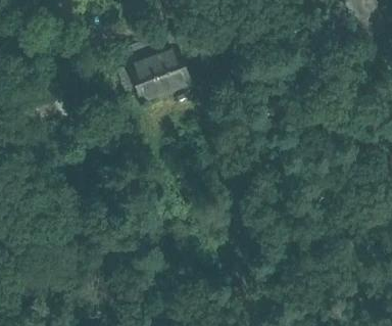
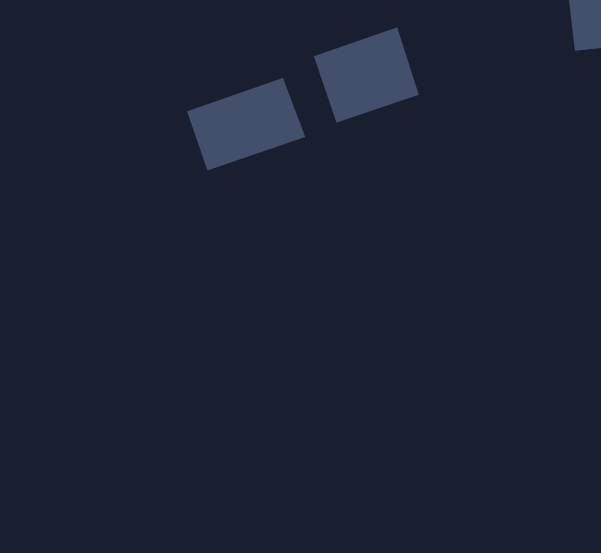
building: none -> [313,27,419,123]

